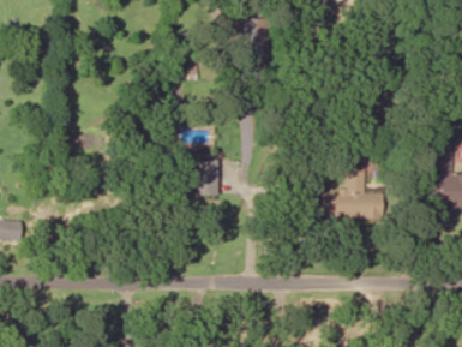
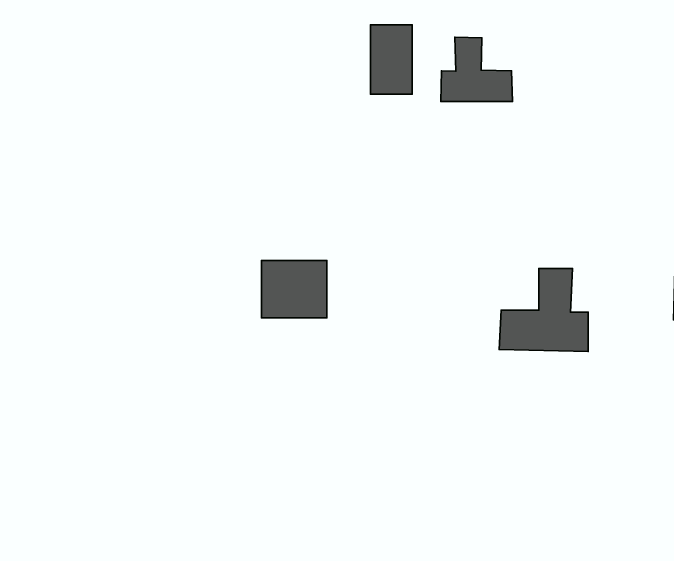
building: none -> [441,37,512,102]

